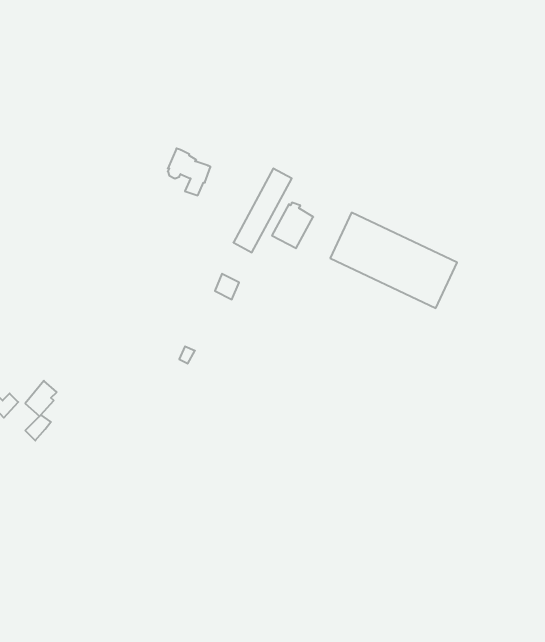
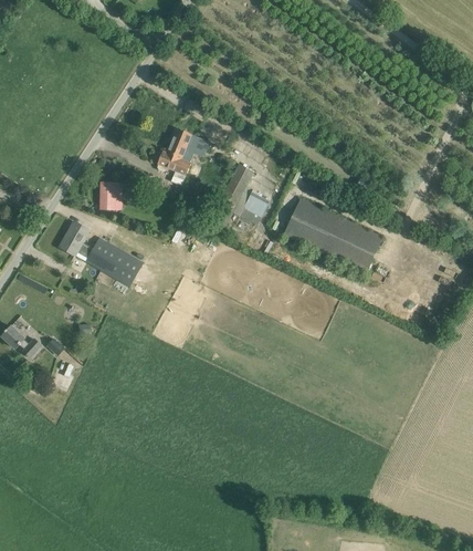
building: none -> [167,126,208,160]
building: none -> [99,180,122,208]
building: none -> [60,220,140,281]

